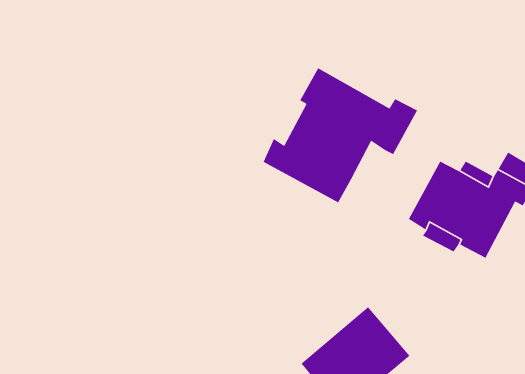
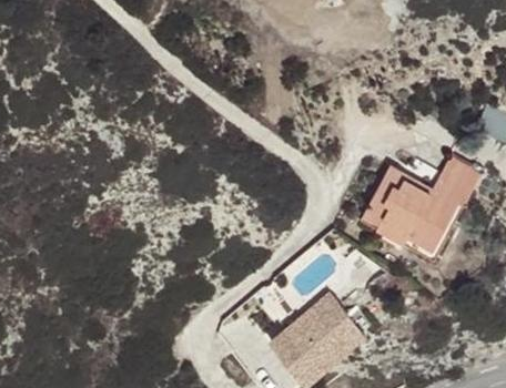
building: [262,67,418,204] -> none

